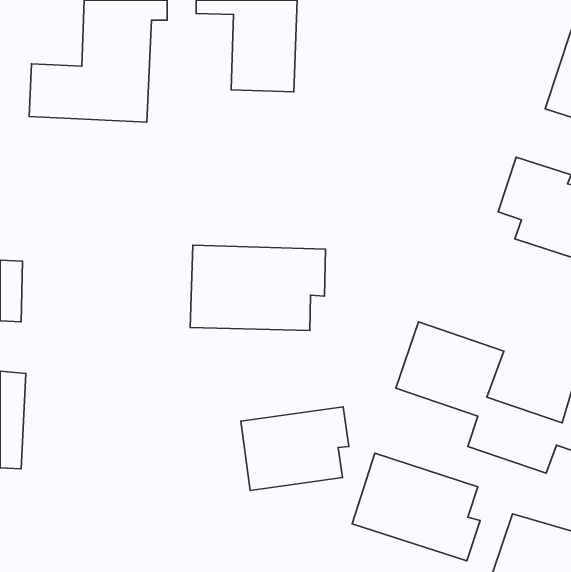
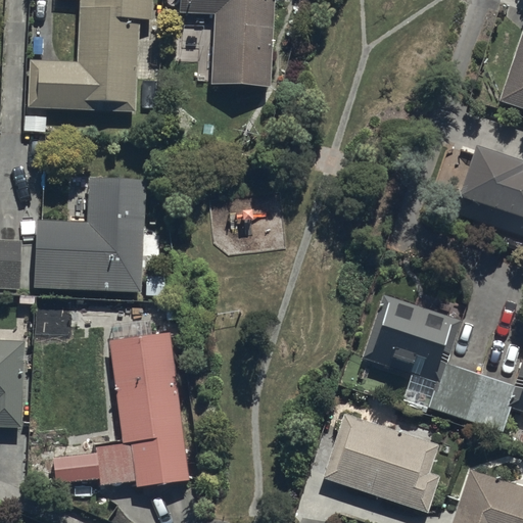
building: none -> [36,177,174,295]
building: [190,245,325,331] -> none
building: none -> [54,331,194,487]
building: [241,407,349,491] -> none

